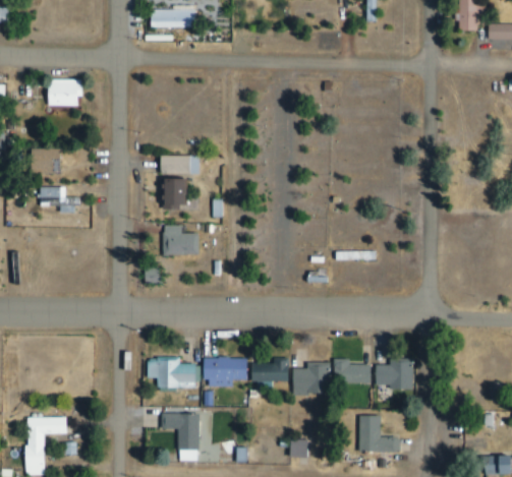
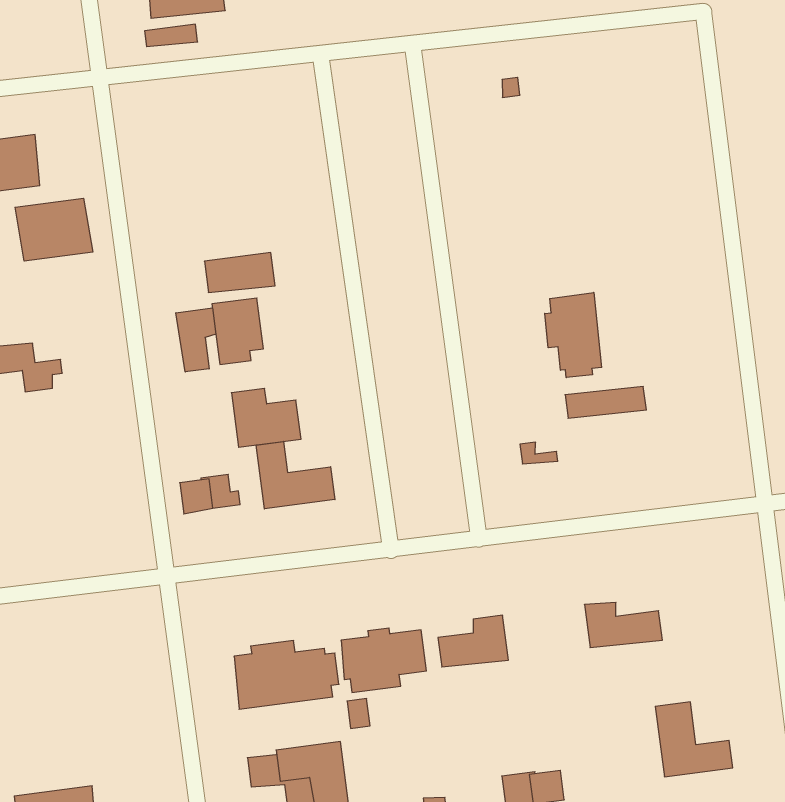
building: none -> [15,198,93,261]
building: none -> [176,308,216,372]
building: none -> [545,292,602,378]
building: none -> [256,441,335,509]
building: [378,355,412,389] -> none
building: [294,358,328,393] -> none

